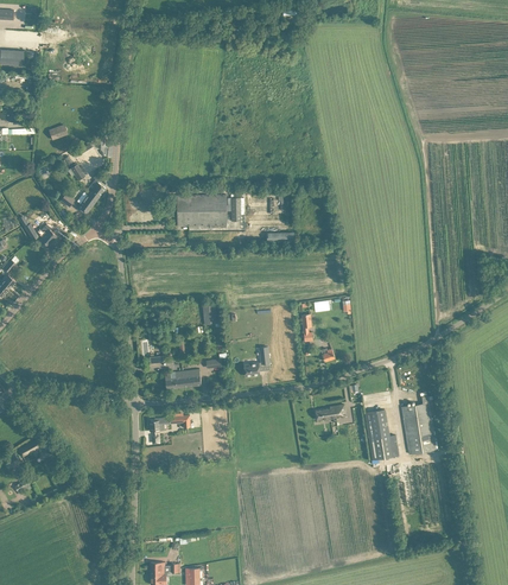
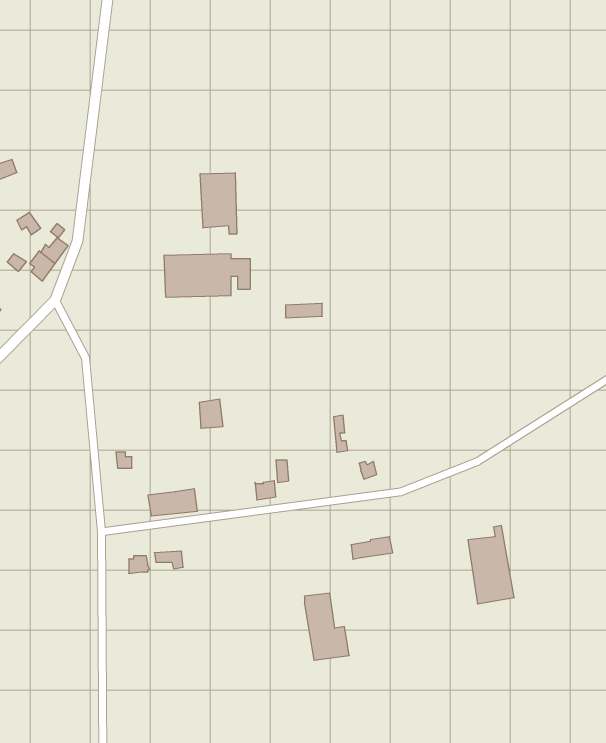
building: none -> [200,173,237,234]
building: [364,409,398,459] -> [304,593,349,660]

